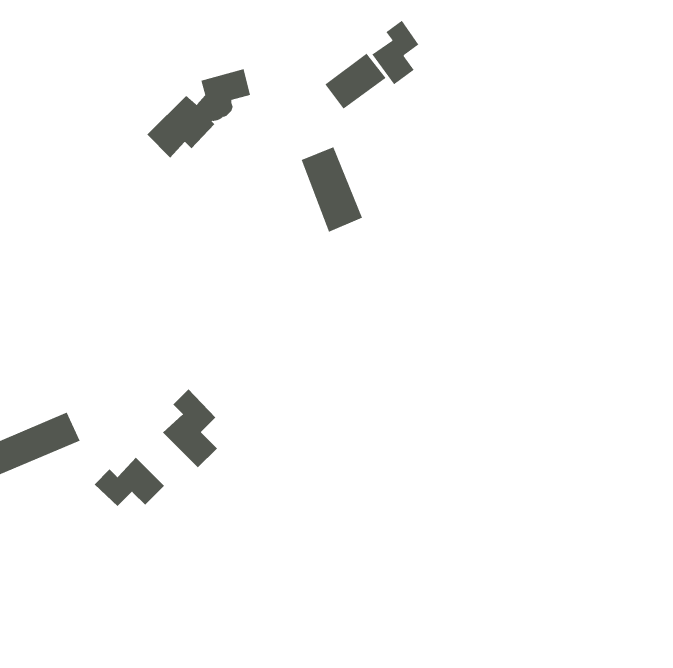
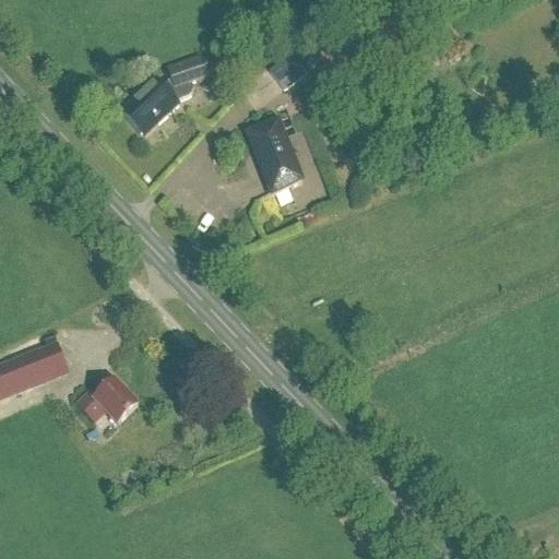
building: [371,20,419,85] -> none
building: [162,389,218,468] -> none

